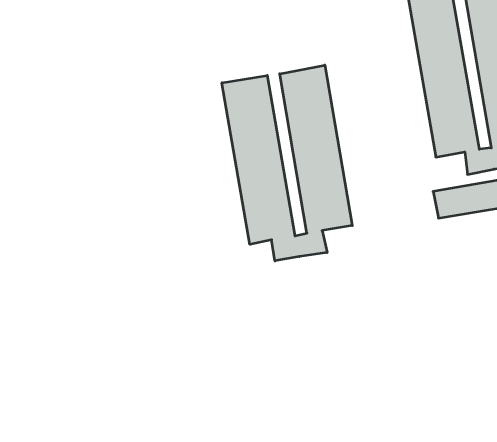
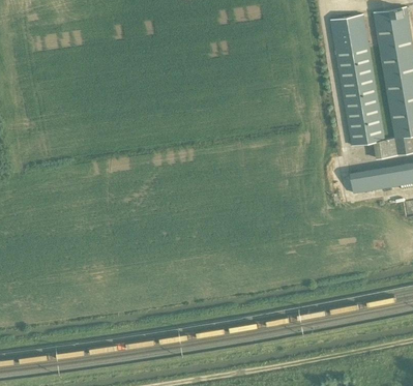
building: [222,65,352,261] -> none

